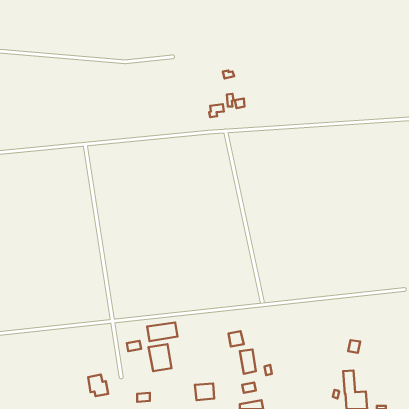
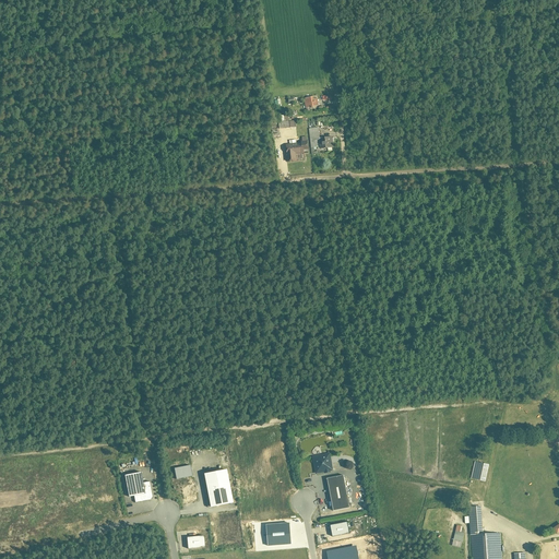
building: [147,322,177,341] -> none
building: [88,375,108,396] -> [126,472,153,501]

